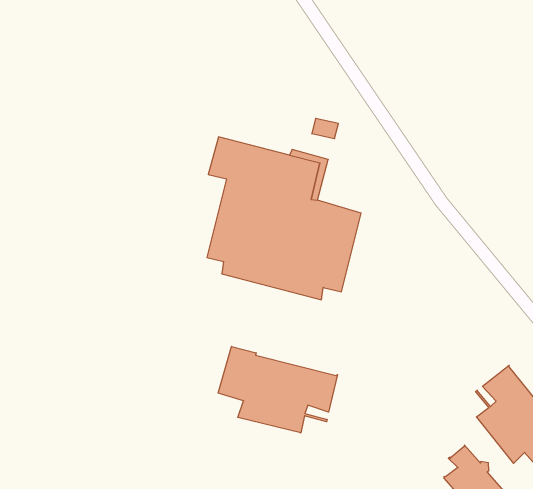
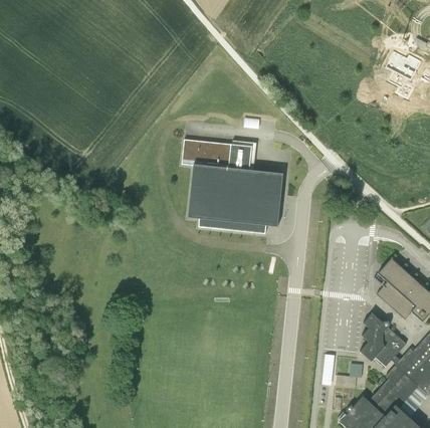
building: [218,346,338,433] -> none

